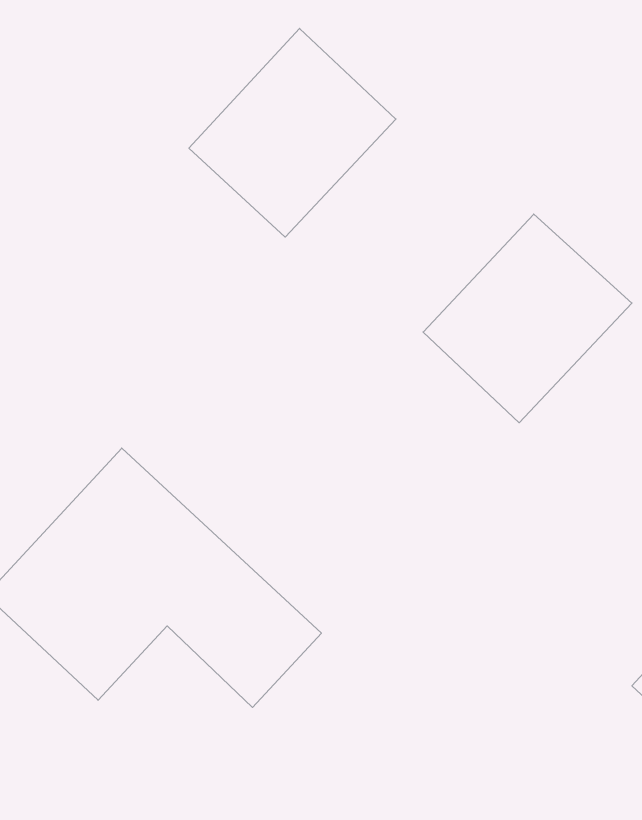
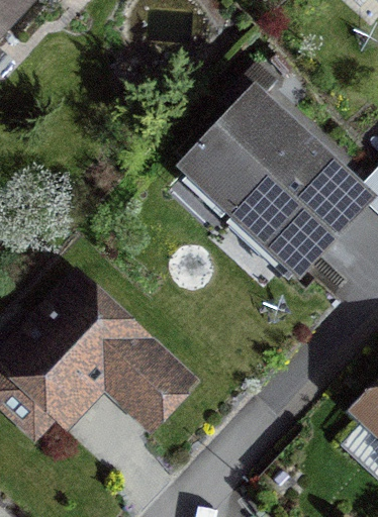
building: [189,28,396,237] -> [192,102,307,218]

